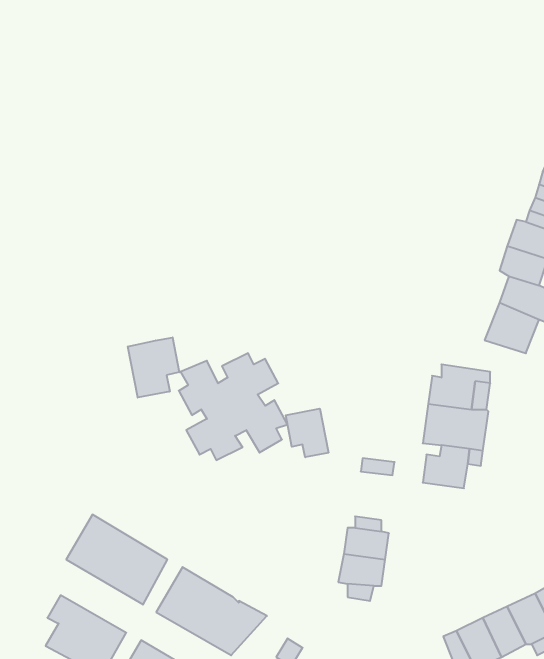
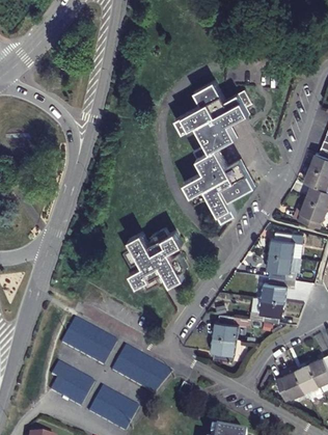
building: none -> [172,77,253,219]
building: [128,337,179,398] -> none
building: [286,409,328,457] -> none
building: none -> [251,296,283,323]

